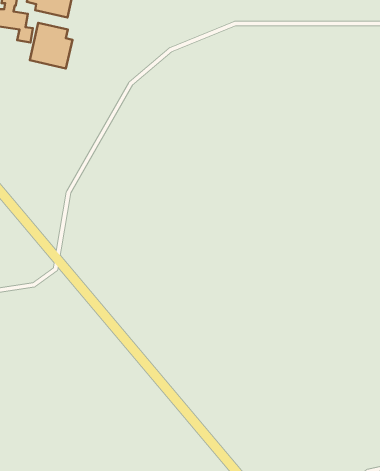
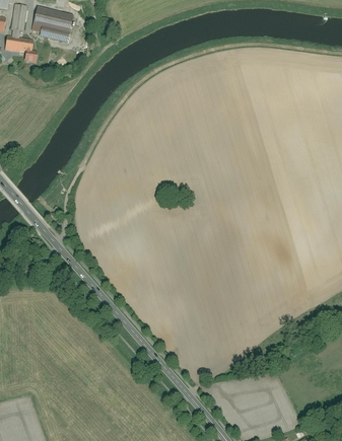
building: [30,23,73,68] -> none

